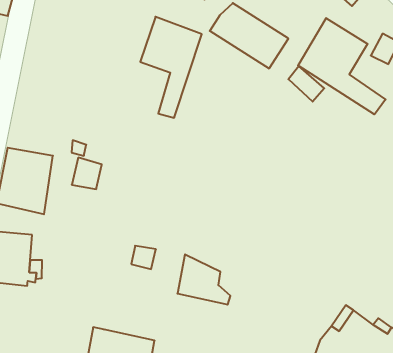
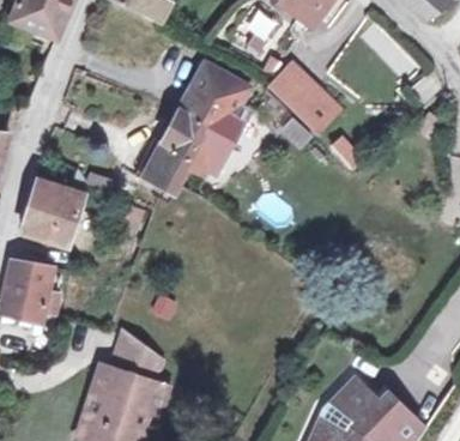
building: [298,18,386,114] -> none
building: none -> [137,108,208,199]
building: [177,254,230,305] -> [113,333,165,388]

